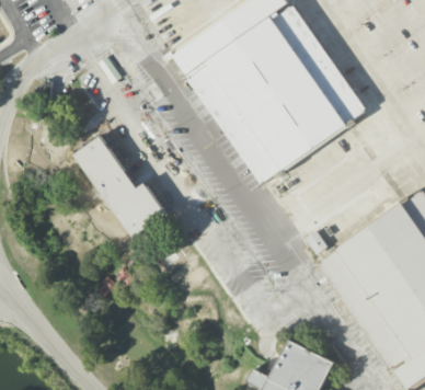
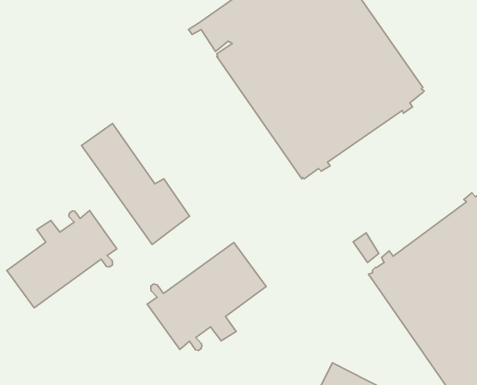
building: none -> [7,211,117,308]
building: none -> [147,242,266,351]

